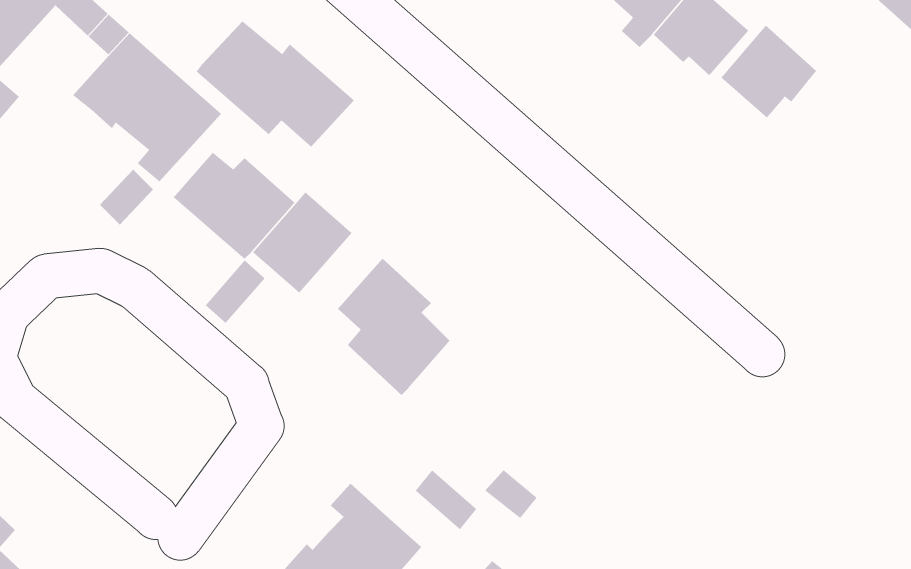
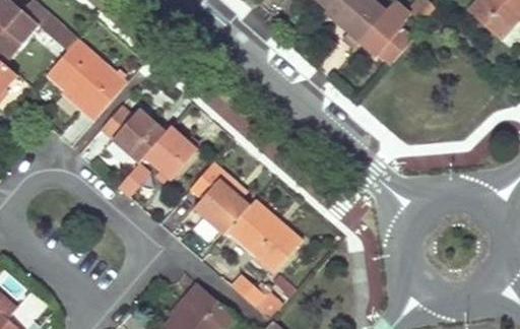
building: [196,20,355,147] -> none
building: [720,25,817,119] -> none
building: none -> [228,198,302,271]

